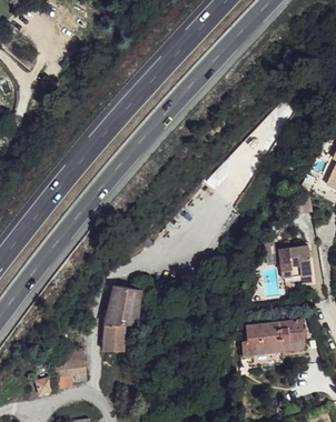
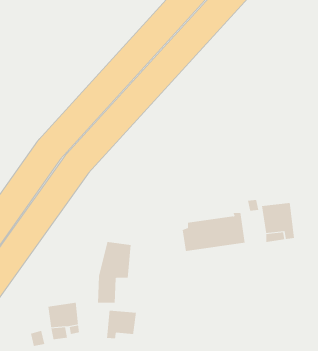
building: [235,314,300,354] -> [182,213,246,252]
building: none -> [106,310,136,339]

